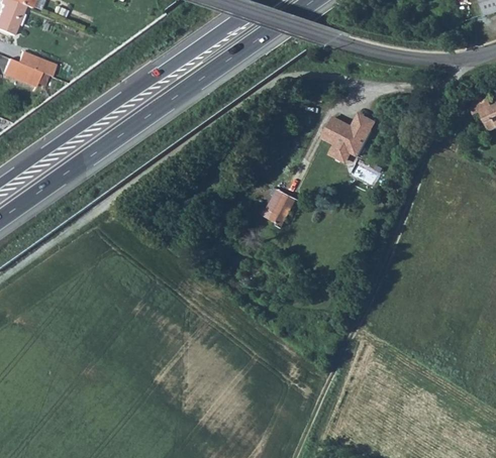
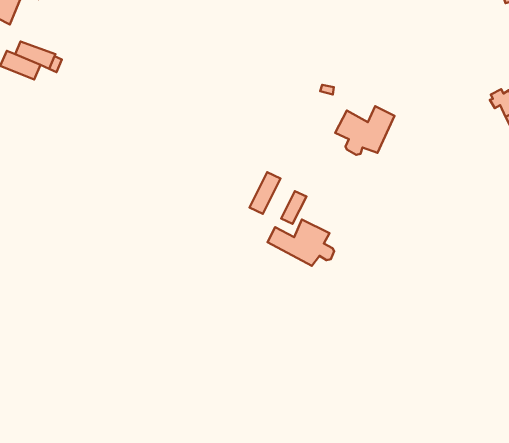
building: none -> [250,172,281,214]
building: none -> [268,220,334,266]

